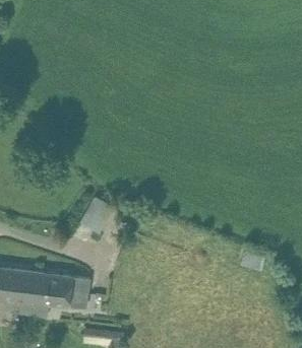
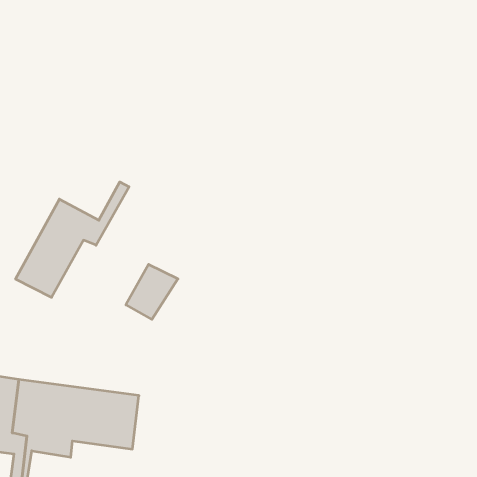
building: none -> [16,182,129,297]

